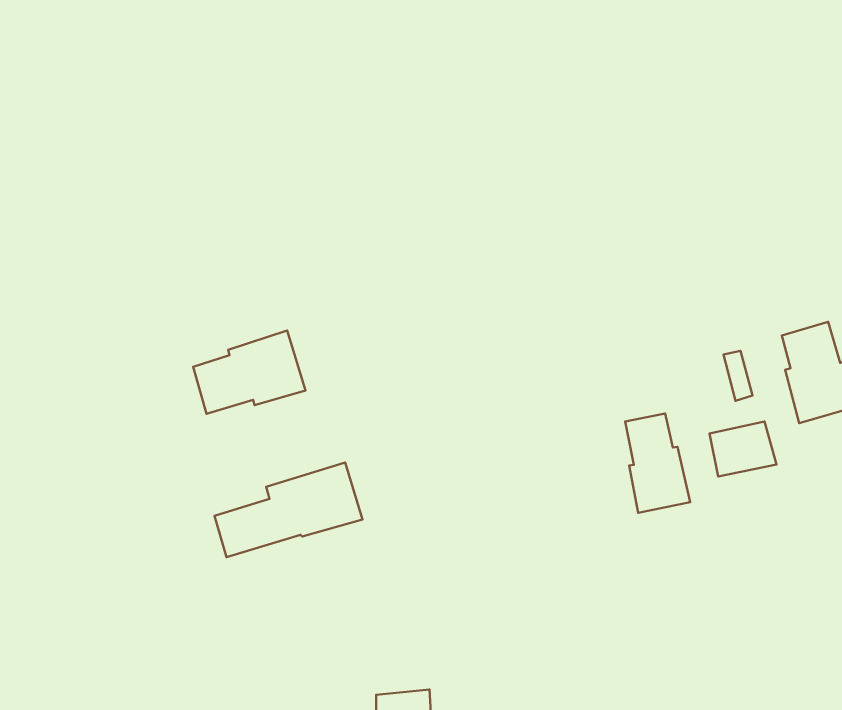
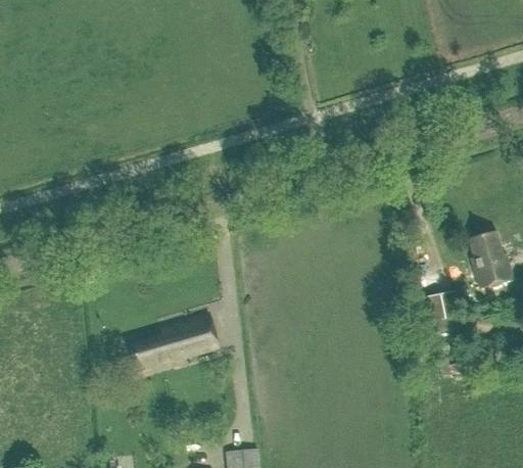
building: [193,330,306,414] -> none
building: [625,414,690,513] -> none

